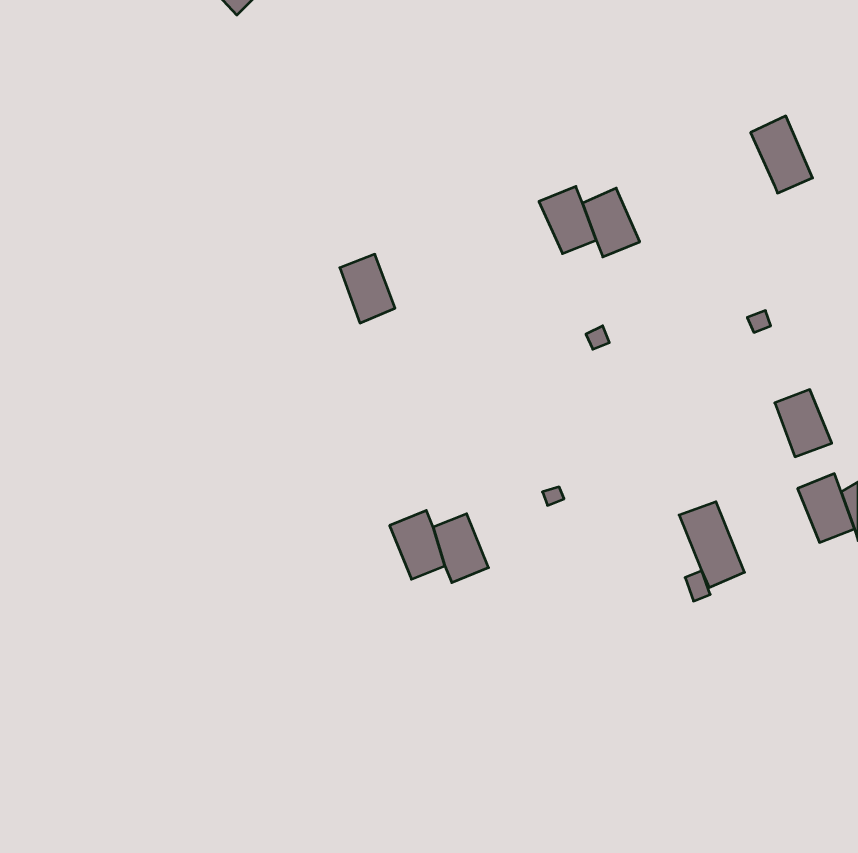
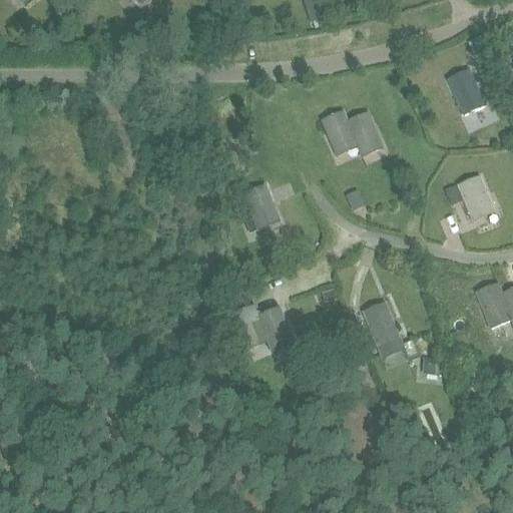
building: [340,254,395,323] -> [244,184,278,225]
building: [775,390,832,457] -> [459,176,493,216]
building: [679,502,745,587] -> [363,303,402,354]

